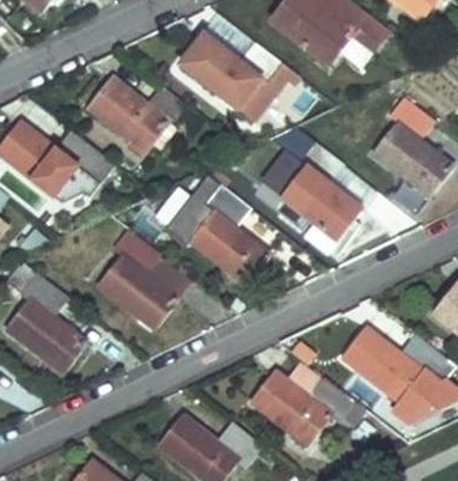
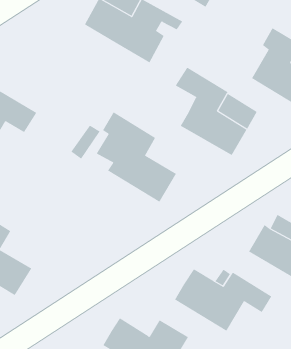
building: [86,78,200,154] -> none
building: [97,231,177,330] -> none

